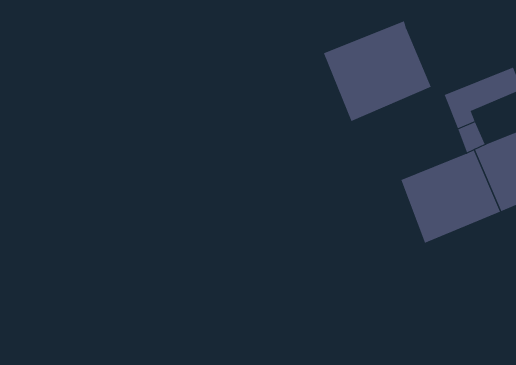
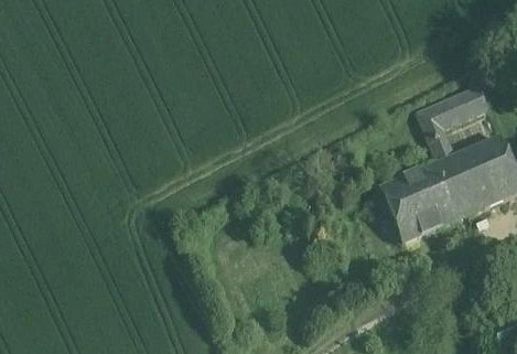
building: [323,21,432,122] -> none

